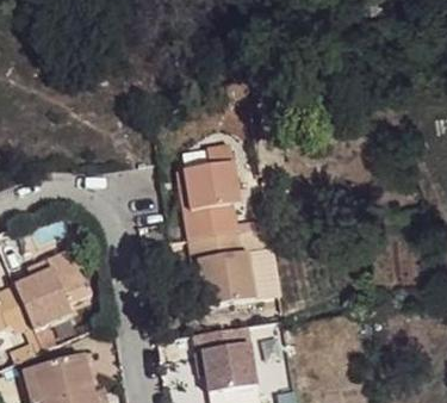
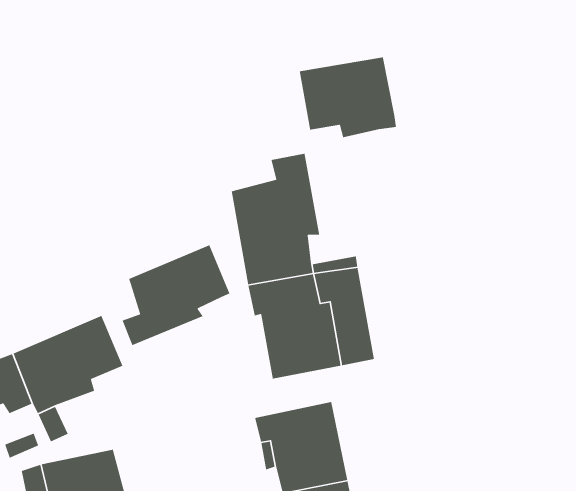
building: none -> [299,57,397,138]
building: none -> [121,244,231,346]

